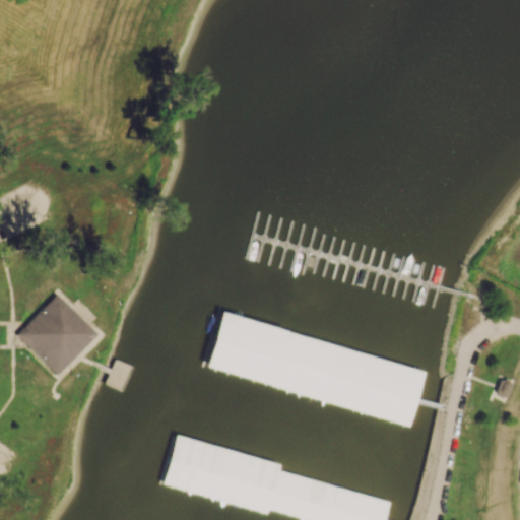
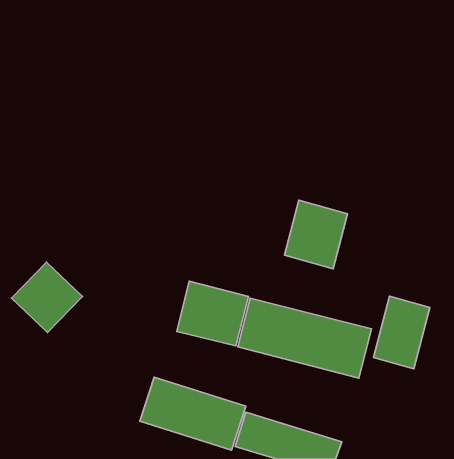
building: none -> [284,200,348,269]
building: none -> [374,296,430,369]

